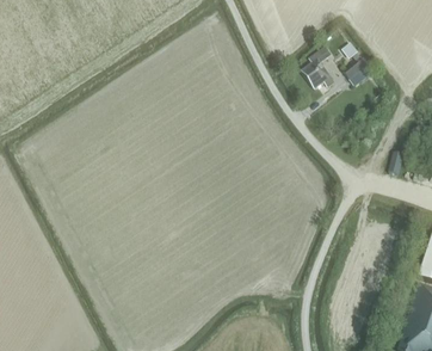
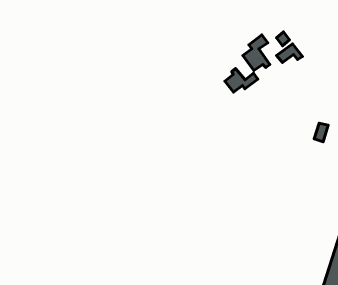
building: none -> [225,69,258,92]

